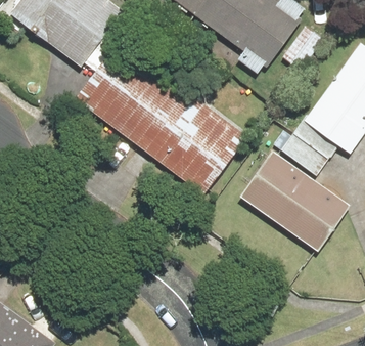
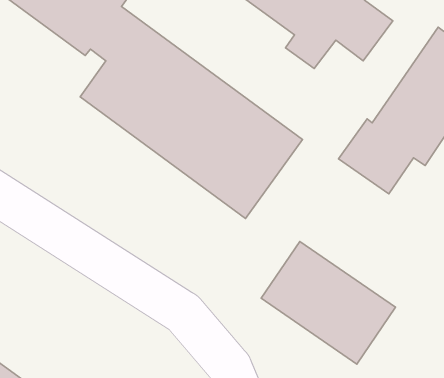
building: [240,152,347,249] -> [261,241,396,364]

